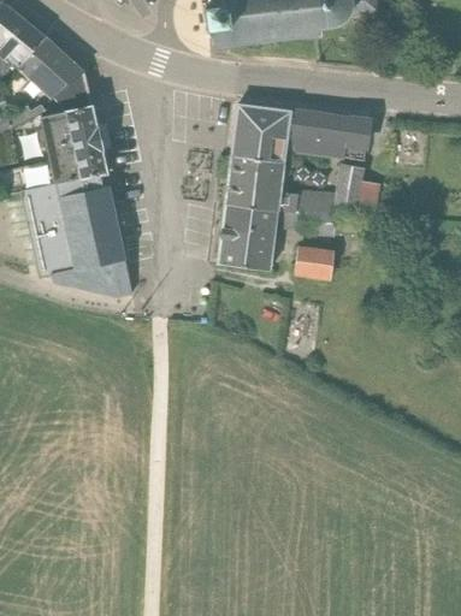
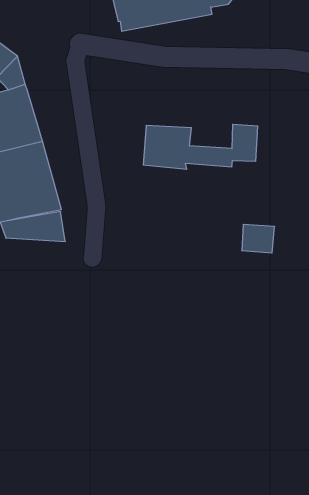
building: [232,106,371,166] -> none
building: [218,207,278,276] -> none
building: [294,247,335,283] -> [242,224,275,253]

